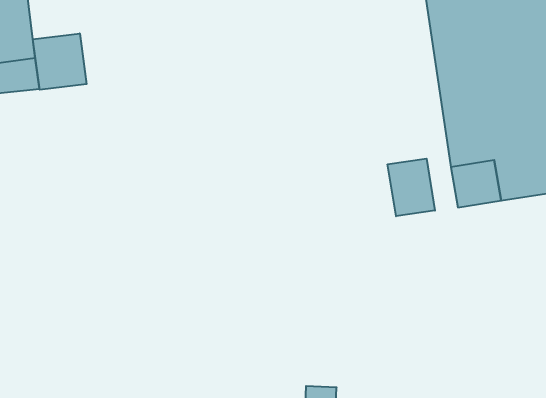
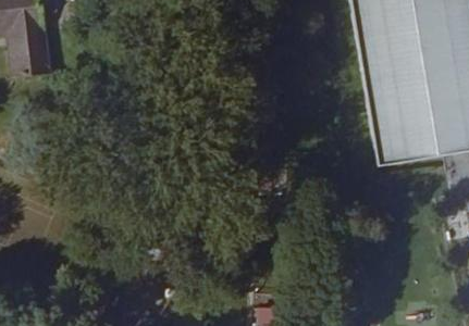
building: [33,33,87,90] -> none
building: [388,159,435,216] -> none

